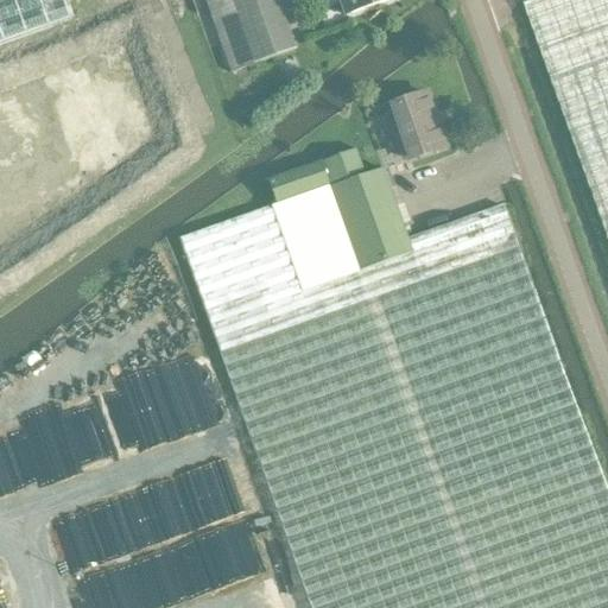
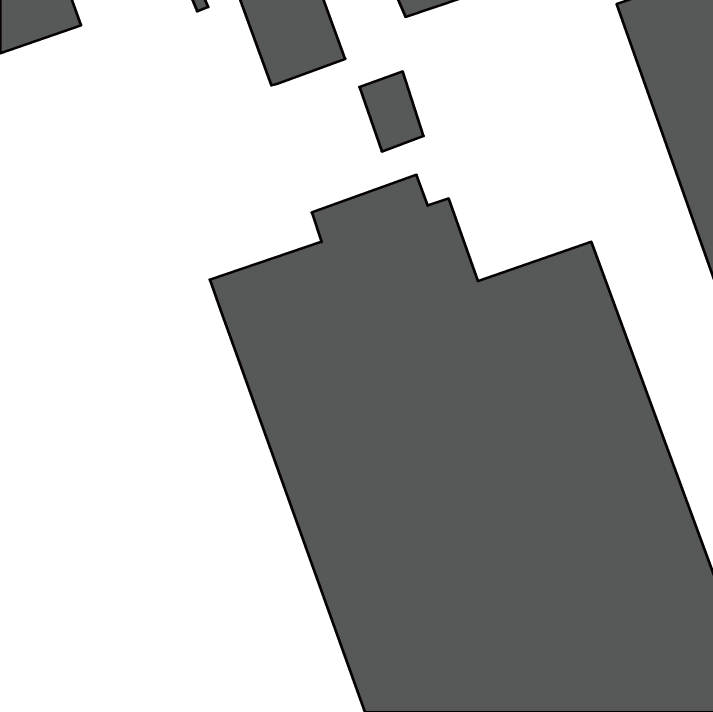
building: [391,93,445,160] -> [359,72,424,151]

